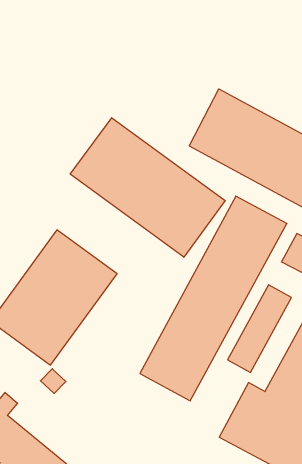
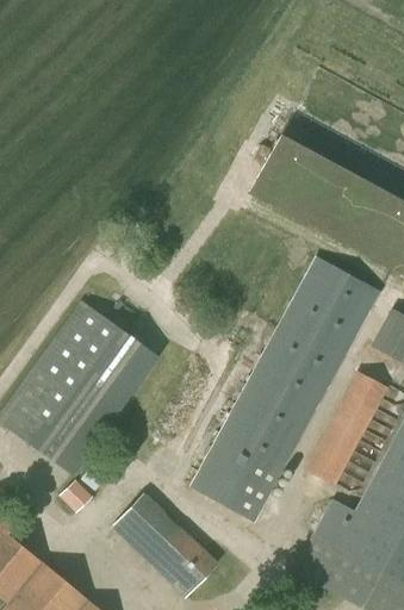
building: [70,118,225,257] -> none
building: none -> [110,493,218,599]

